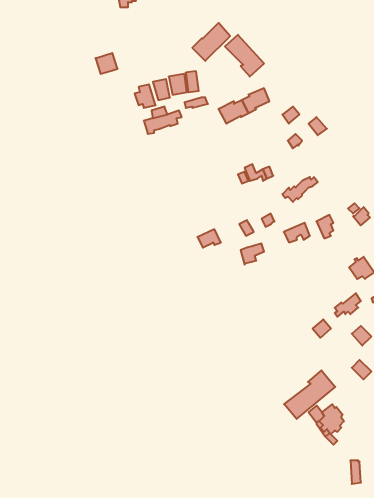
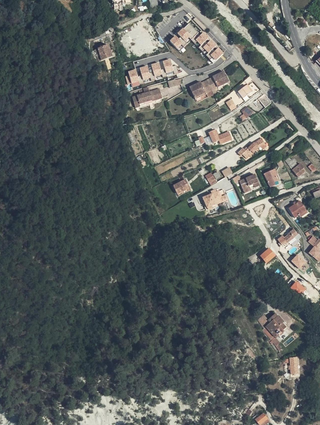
building: [284,370,335,419] -> none

